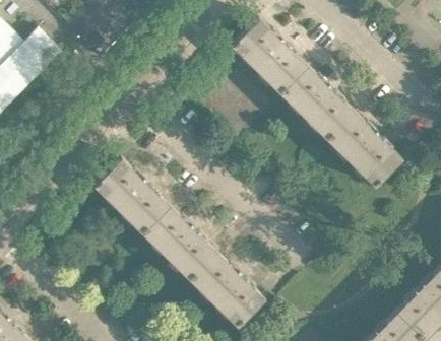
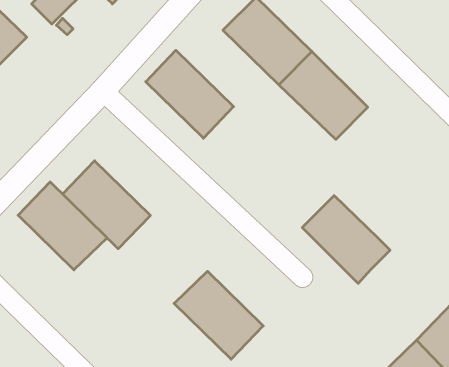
building: none -> [146,50,234,138]
building: [326,111,401,186] -> [302,196,390,283]
building: [140,203,216,278] -> [18,182,107,270]

